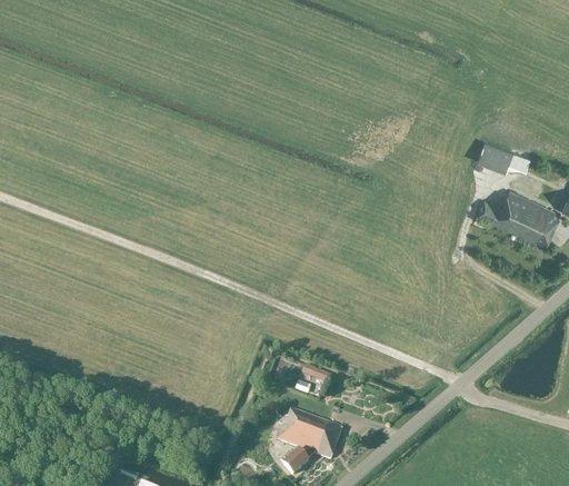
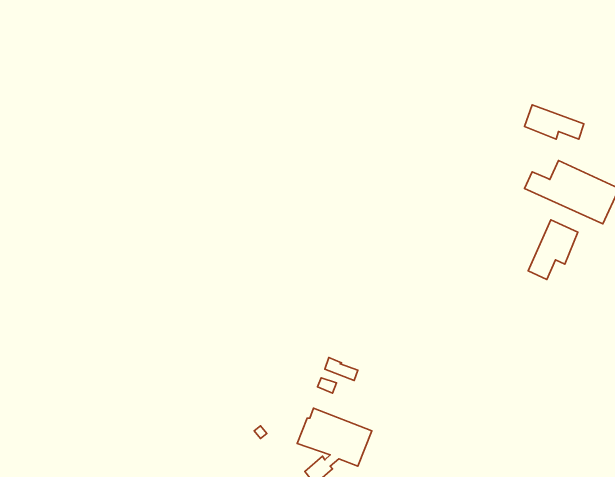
building: none -> [528,220,578,280]

